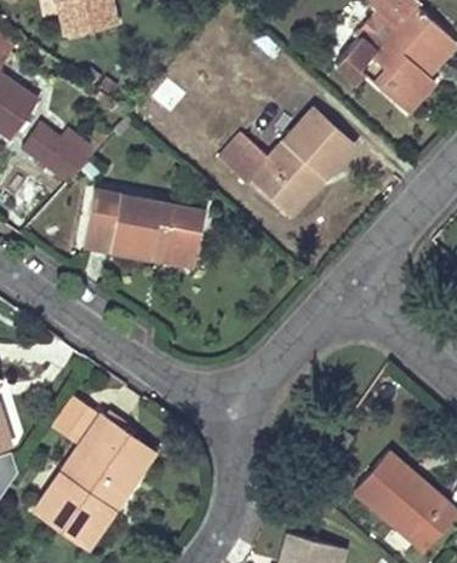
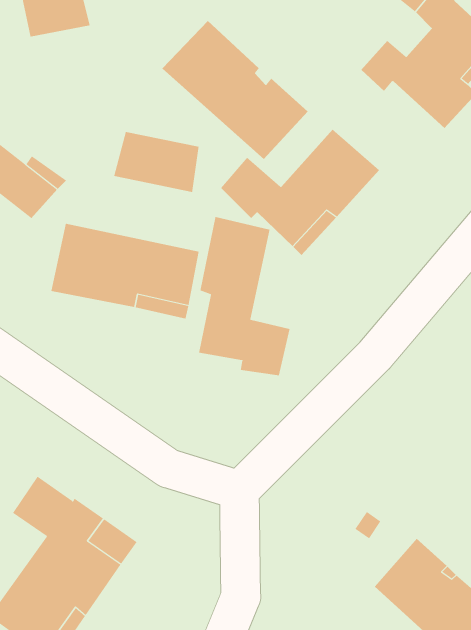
building: none -> [161,20,309,160]
building: none -> [114,131,199,193]
building: none -> [199,216,290,376]

